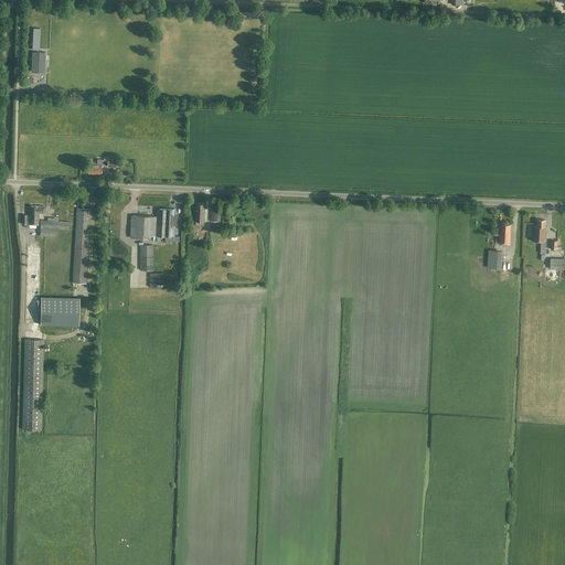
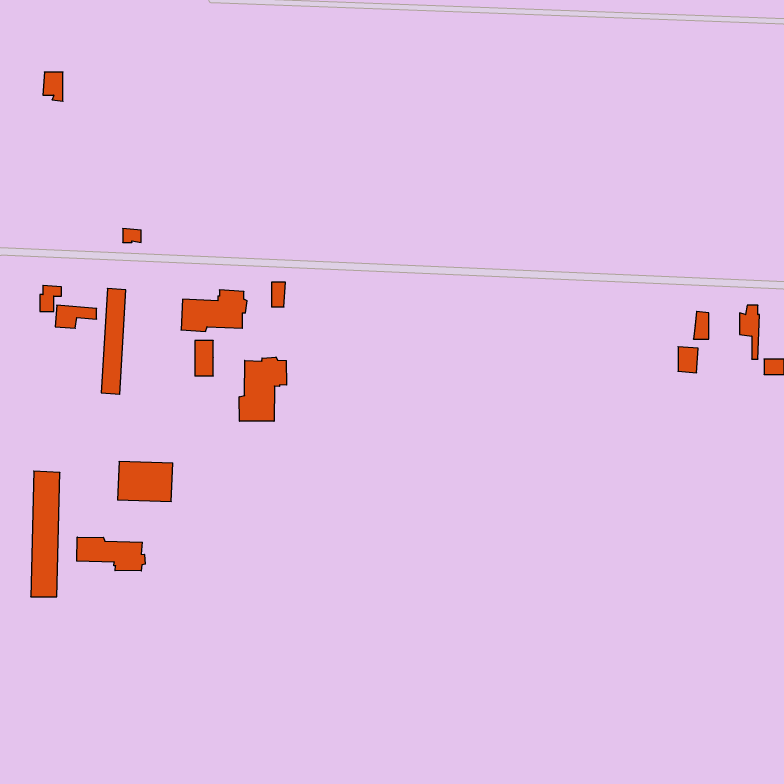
building: none -> [239,357,287,421]
building: [40,297,79,326] -> [118,462,173,501]
building: none -> [77,537,145,571]

